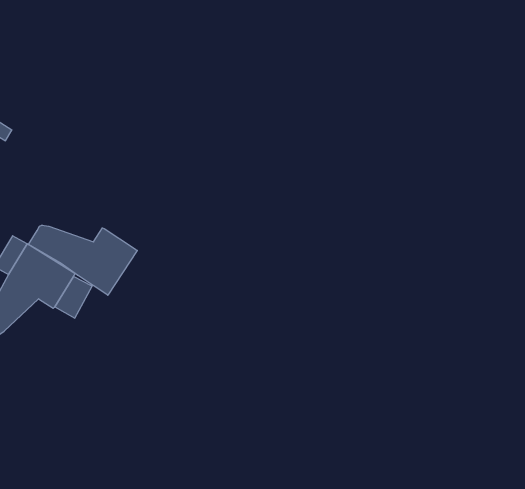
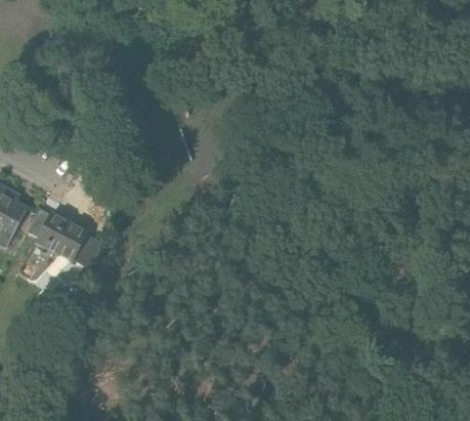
building: [28,225,137,295] -> none

